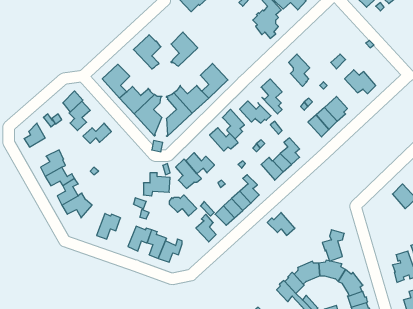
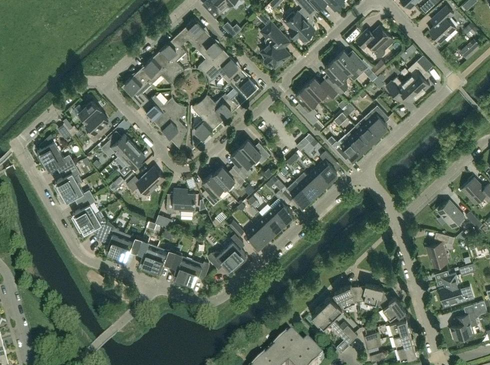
building: none -> [429,6,456,42]
building: none -> [173,19,210,49]
building: none -> [260,22,290,68]
building: none -> [356,26,390,57]
building: none -> [334,50,368,76]
building: none -> [205,53,242,83]
building: none -> [139,55,176,84]
building: none -> [407,55,432,94]
building: [240,101,271,123] -> [305,78,339,102]
building: [222,109,244,139] -> [230,148,254,180]
building: none -> [327,134,361,158]
building: none -> [115,144,145,176]
building: none -> [43,151,75,172]
building: none -> [126,167,165,196]
building: [169,195,197,216] -> [208,249,238,272]
building: none -> [99,224,125,257]
building: [267,212,295,235] -> [280,180,310,205]
building: none -> [137,238,159,269]
building: [322,230,344,261] -> [426,233,450,267]

